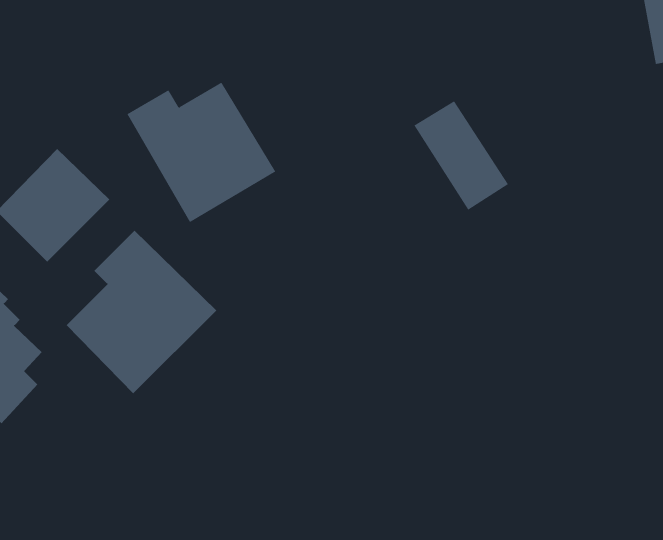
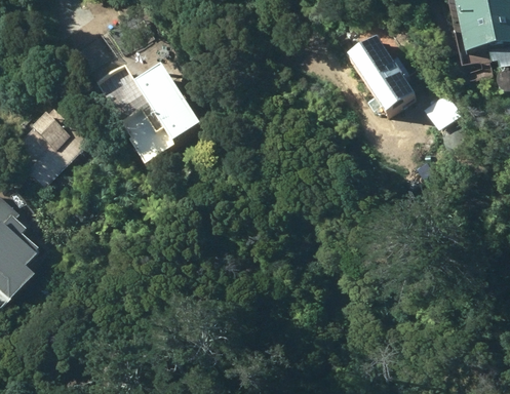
building: [413,100,509,211] -> [348,34,415,111]
building: [66,230,217,394] -> none

